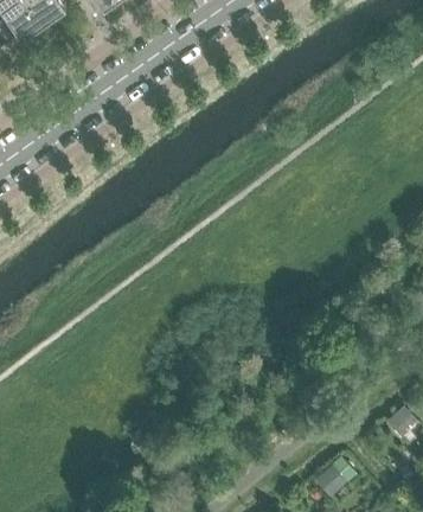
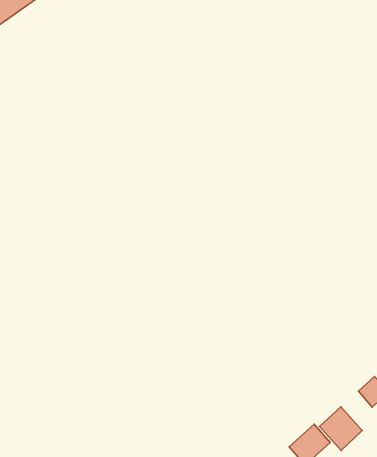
building: none -> [320,407,362,450]

